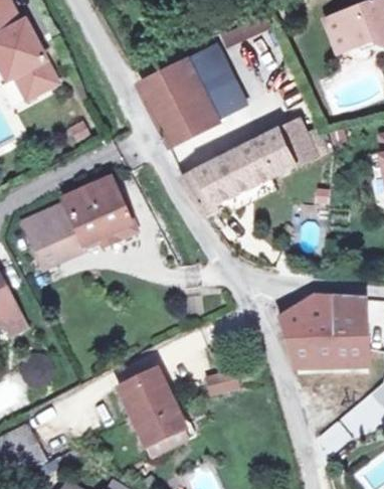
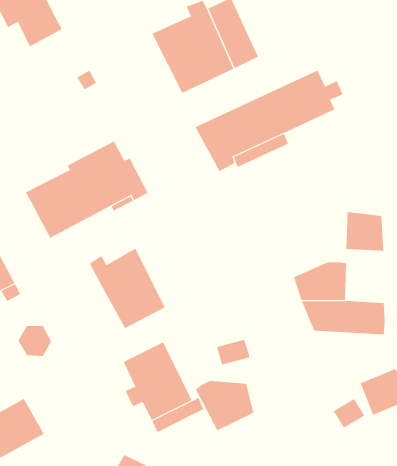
building: none -> [89,248,165,329]
building: [327,297,363,334] -> [346,212,384,251]
building: none -> [195,380,254,431]

